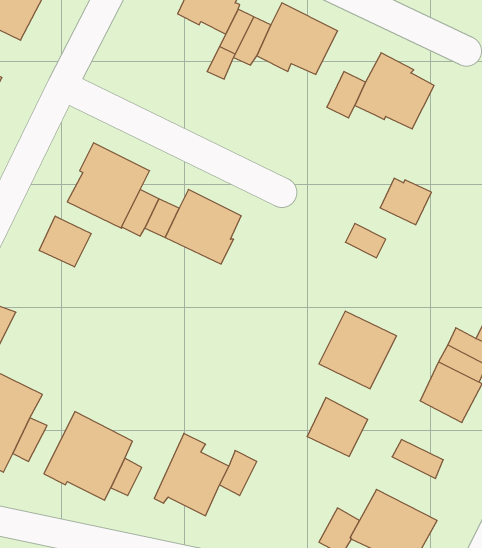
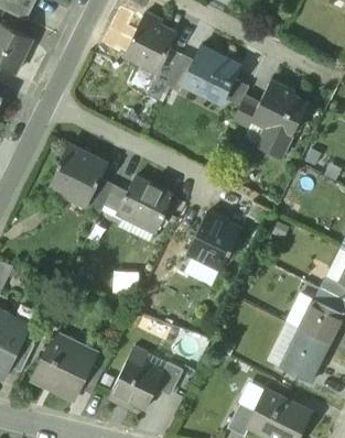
building: [380,178,431,225] -> [257,125,293,158]
building: [39,216,91,267] -> none
building: [319,311,397,389] -> [187,215,242,270]
building: [307,398,368,457] -> [285,328,328,370]

